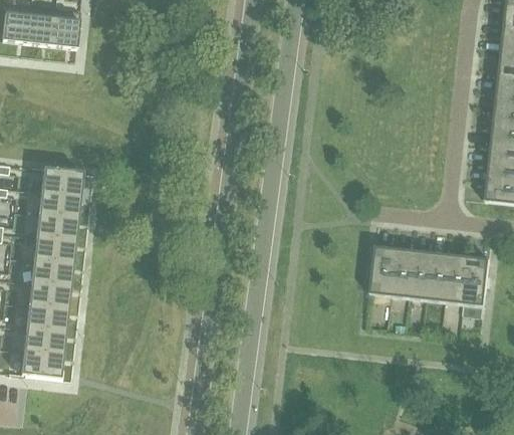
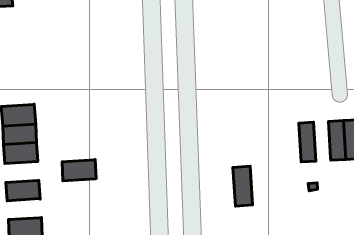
building: [34,236,77,263] -> [62,160,96,181]
building: [372,245,399,294] -> [233,166,253,206]
building: [412,249,435,298] -> none
building: [30,281,72,308] -> none

